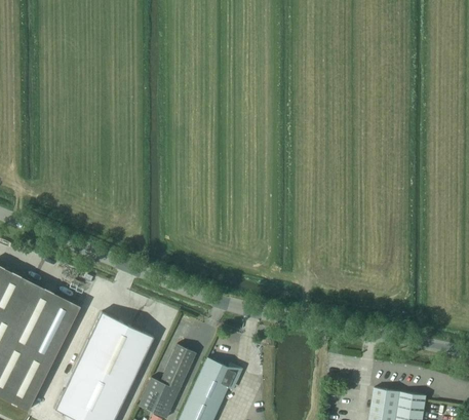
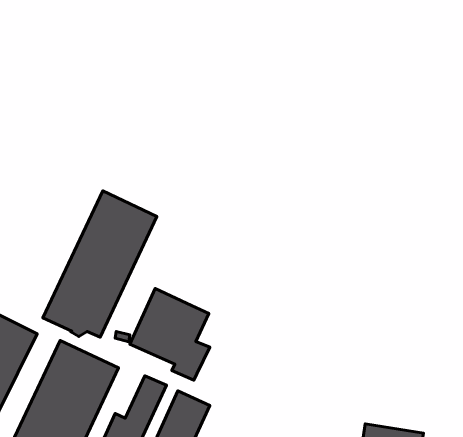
building: none -> [43,191,157,337]
building: none -> [130,289,210,380]

